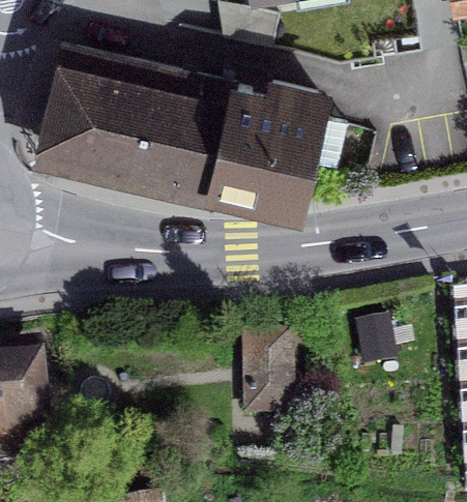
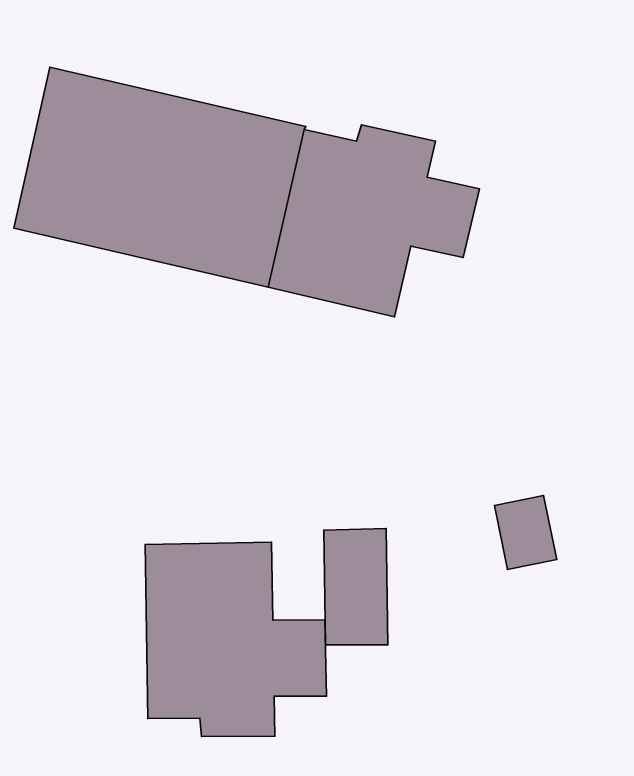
building: none -> [145,542,327,737]

